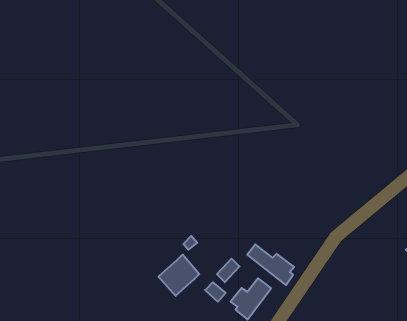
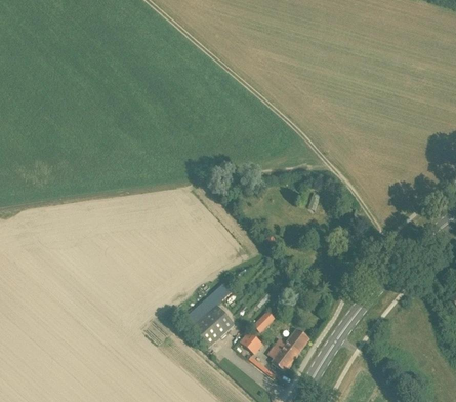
building: [247,244,294,285] -> none

